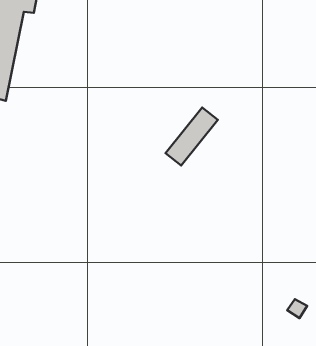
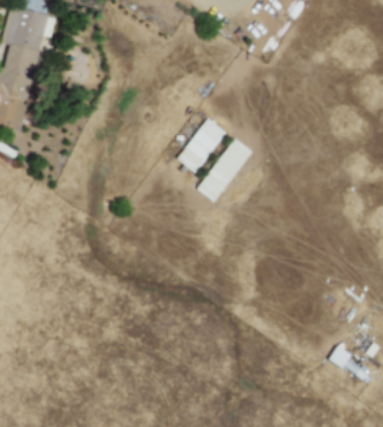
building: none -> [178,117,225,172]

